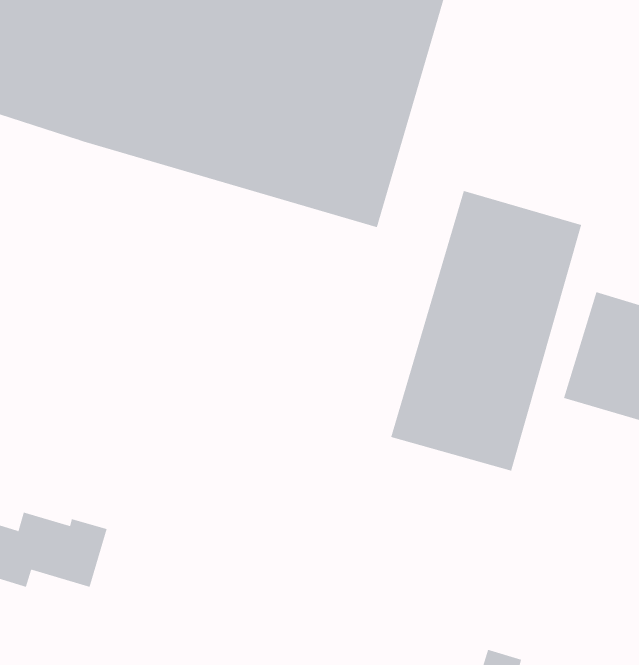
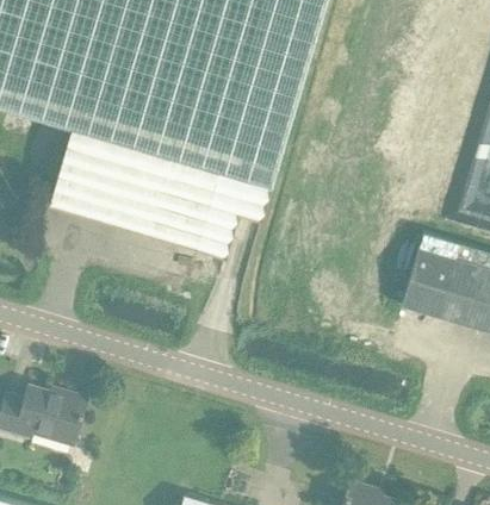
building: none -> [45,129,271,254]
building: [391,190,582,471] -> none

